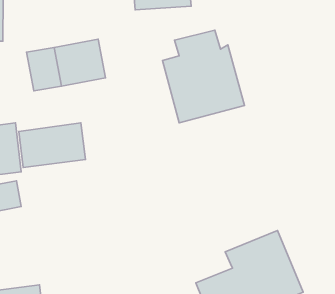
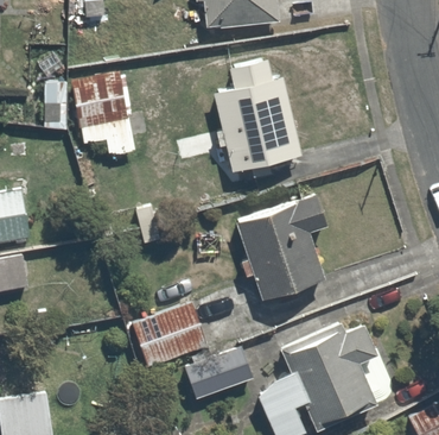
building: [19,123,86,167] -> none
building: none -> [234,189,331,300]
building: none -> [135,301,256,392]

